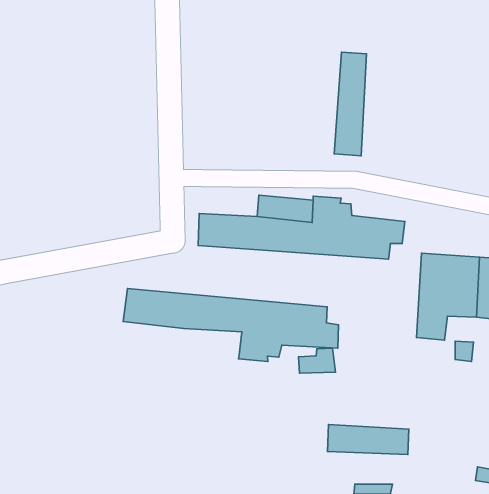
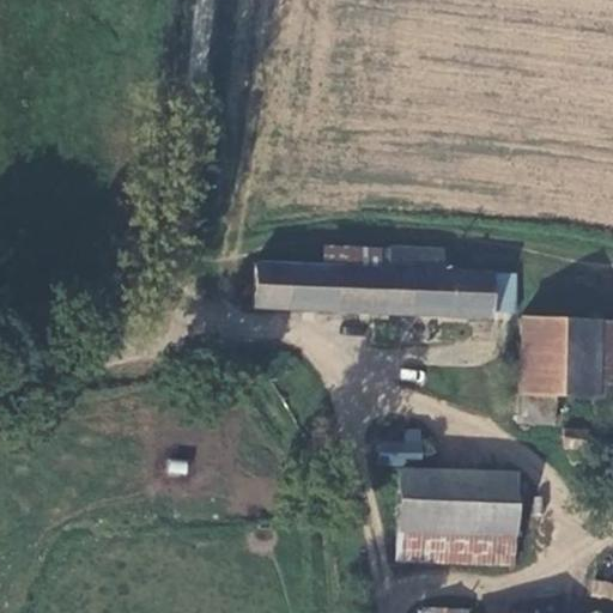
building: [334,52,366,156] -> none
building: [123,289,339,361] -> none
building: none -> [413,474,514,532]

